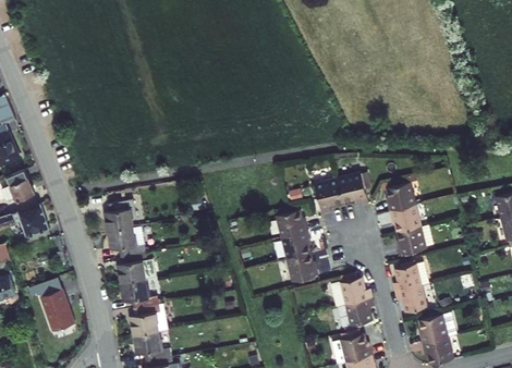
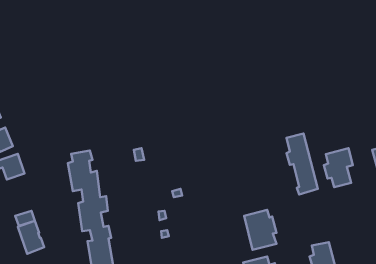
building: [315,175,368,212] -> none
building: [275,207,319,284] -> none
building: [391,262,428,312] -> [324,148,353,187]

